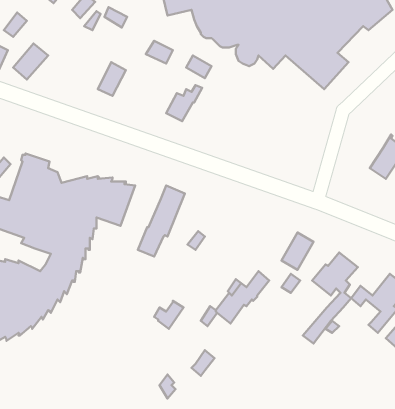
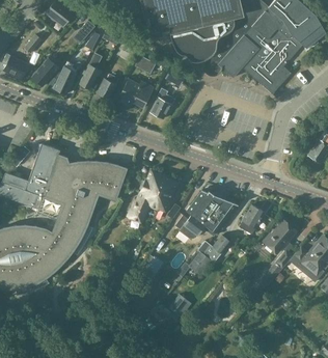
building: none -> [79,53,102,90]
building: none -> [54,60,82,94]
building: none -> [116,79,153,107]
building: none -> [151,174,177,212]
building: none -> [174,190,233,239]

